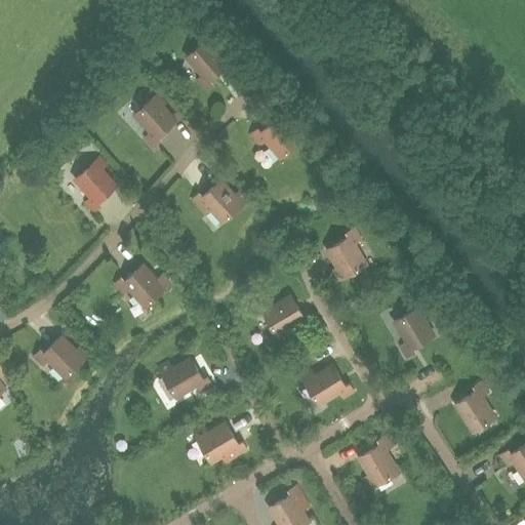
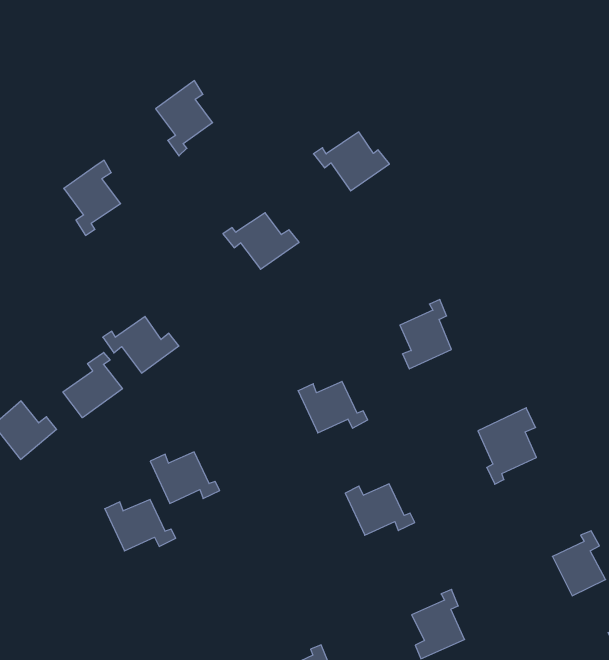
building: [187,36,229,90] -> none
building: none -> [63,352,122,418]
building: [194,423,247,462] -> [105,500,176,551]

